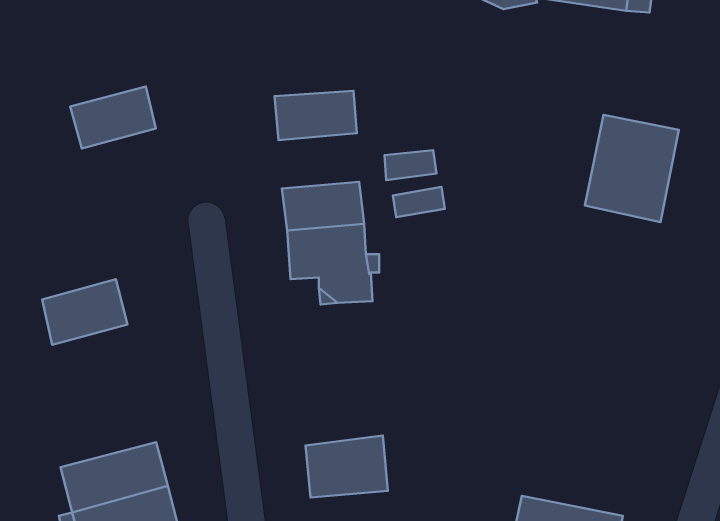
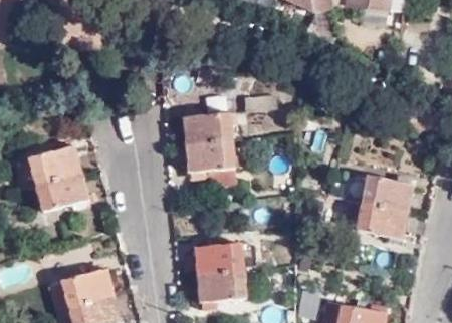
building: [70,86,156,149] -> [31,146,82,184]
building: [275,91,357,140] -> none
building: [585,115,679,222] -> [355,176,411,240]
building: none -> [194,243,242,271]

